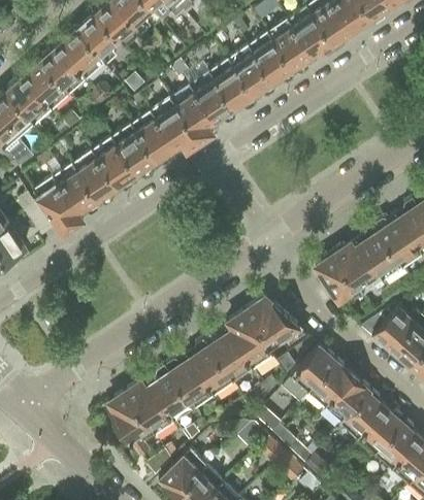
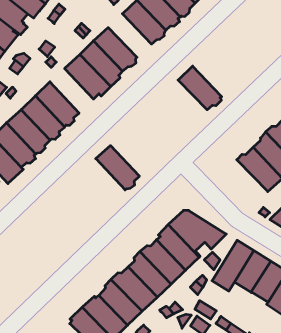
building: [211,57,259,110] -> [178,66,222,110]
building: [133,109,181,164] -> [96,146,139,190]
building: [317,249,365,300] -> none

